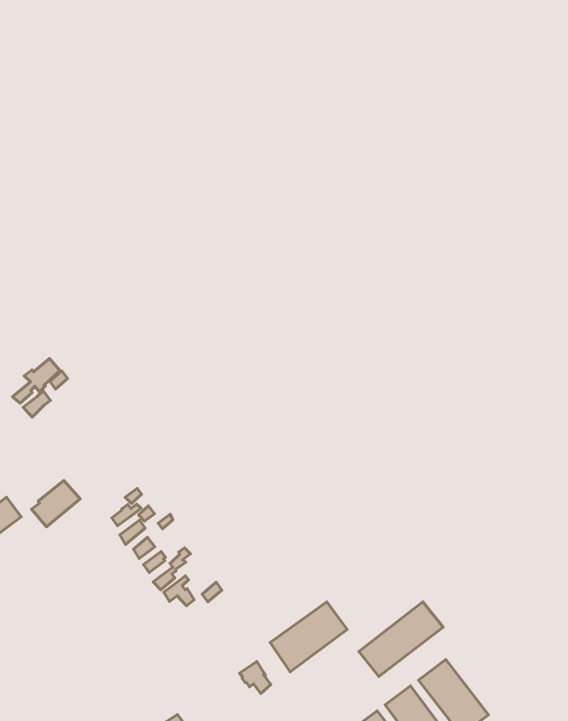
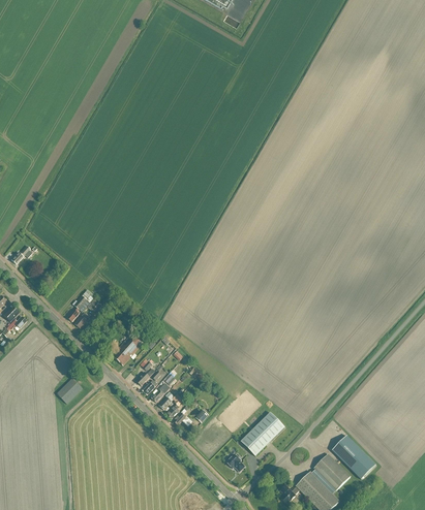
building: [32,481,80,527] -> [113,336,141,364]
building: [359,602,443,677] -> none

